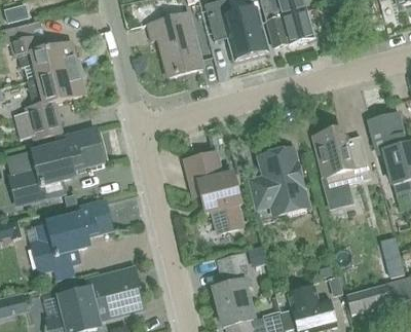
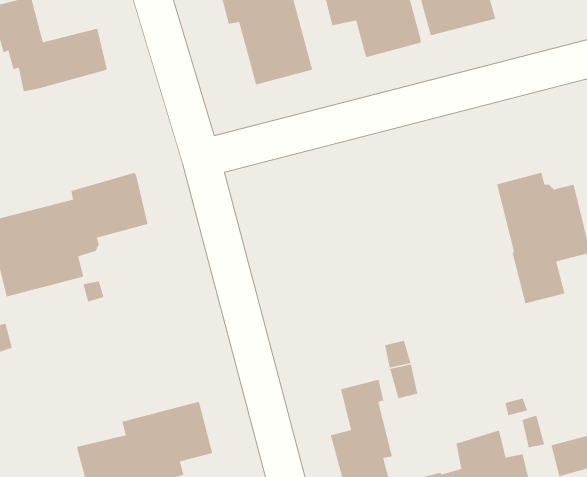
building: [27,67,85,141] -> none
building: [251,147,308,213] -> none
building: [185,152,241,232] -> none
building: [27,201,111,281] -> none

